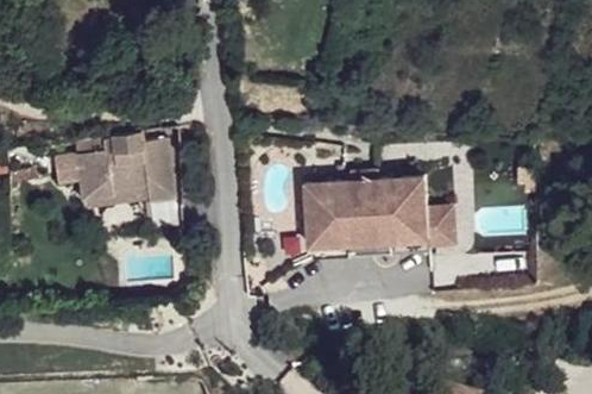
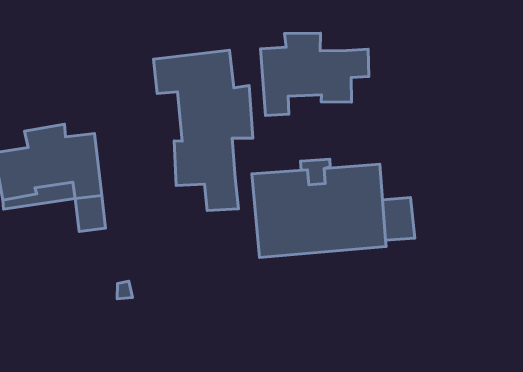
building: none -> [261,33,369,116]
building: none -> [153,50,253,211]

